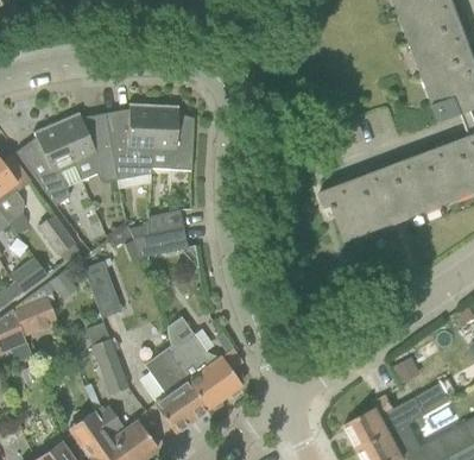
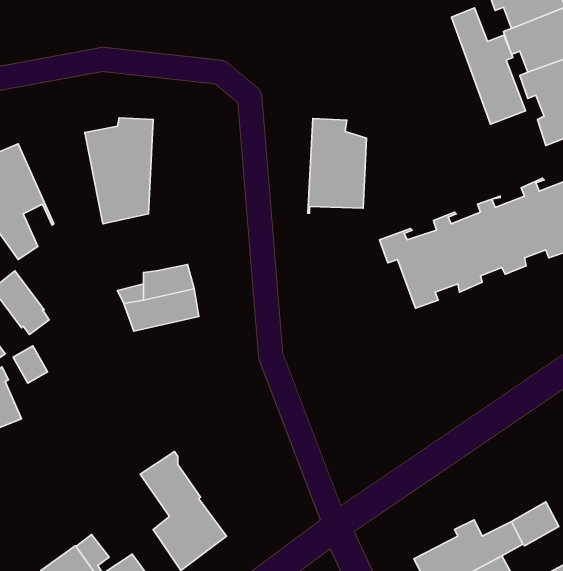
building: none -> [452,8,525,124]
building: [150,103,192,172] -> [308,119,366,213]
building: [55,112,116,183] -> none
building: [83,260,121,316] -> none
building: [84,323,127,395] -> none
building: [171,333,242,410] -> none

